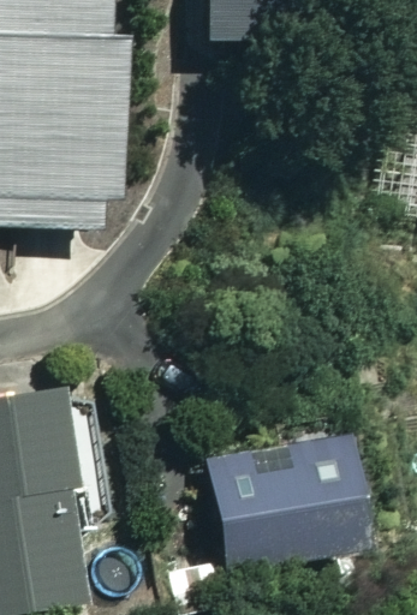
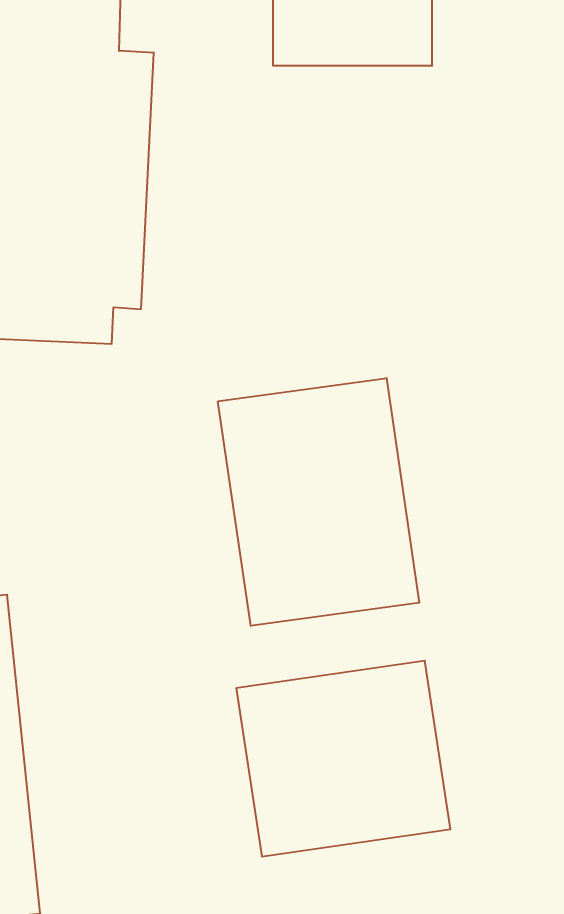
building: none -> [218,378,419,626]

